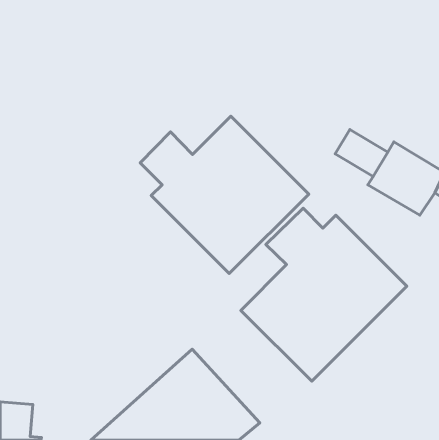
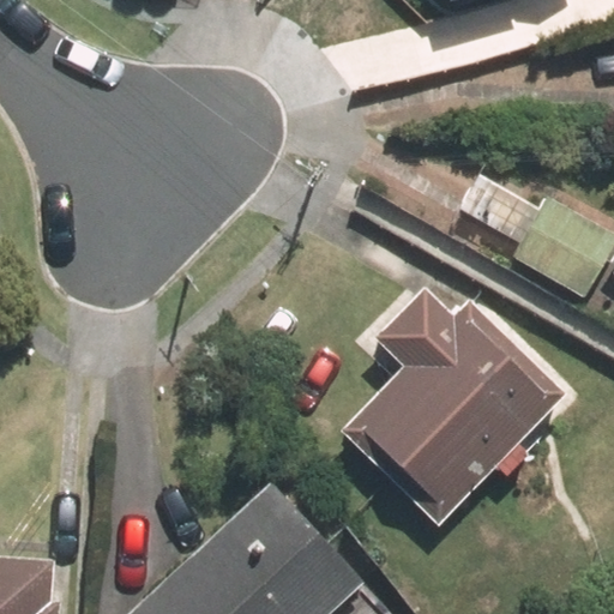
building: [140,116,309,273] -> none

